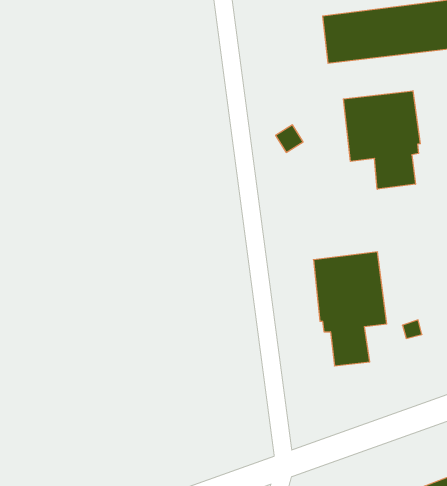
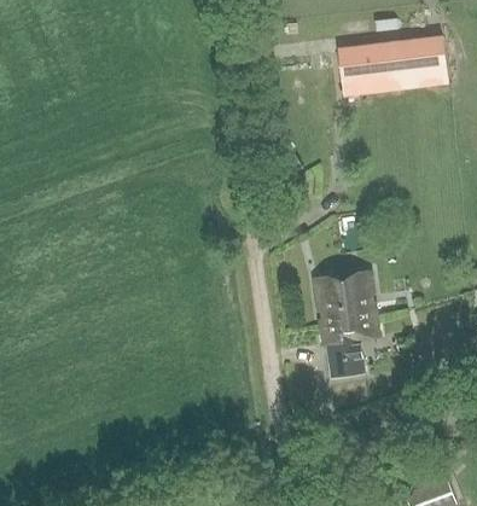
building: [343,91,420,189] -> none

